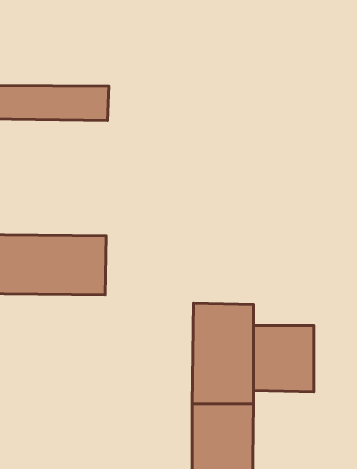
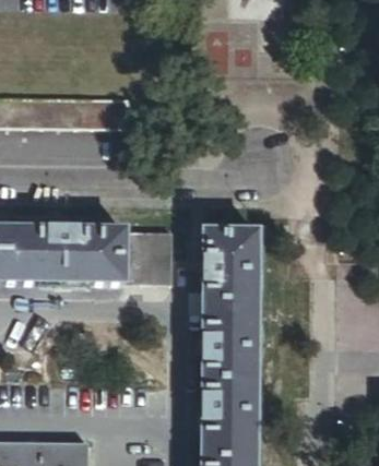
building: none -> [126,230,173,284]
building: [254,326,314,392] -> [204,232,258,291]

